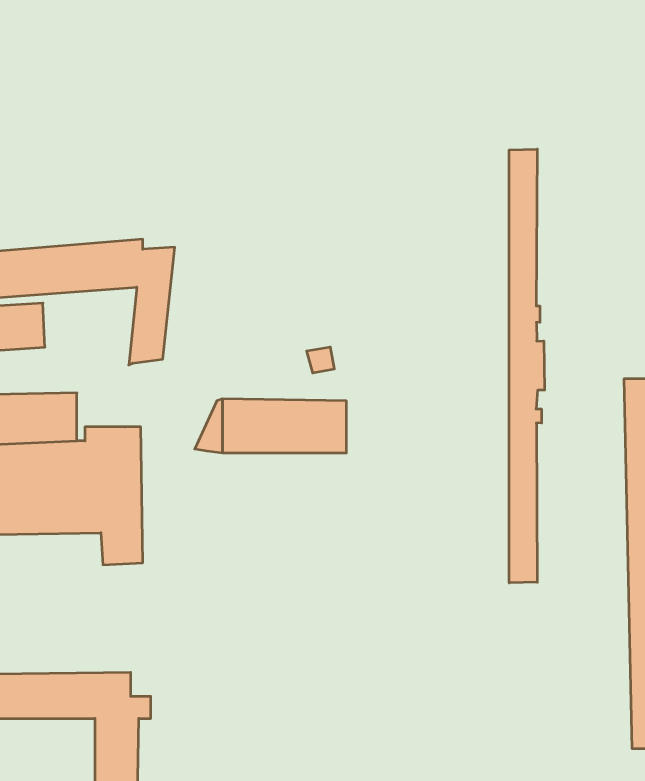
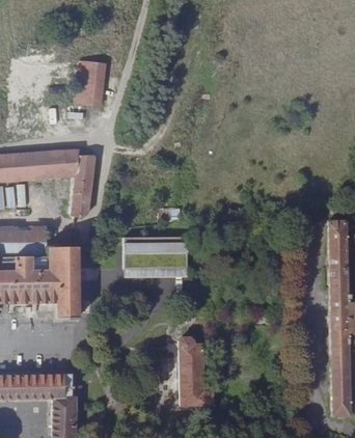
building: none -> [75,60,105,106]
building: [509,149,545,583] -> none
building: none -> [179,336,214,405]

